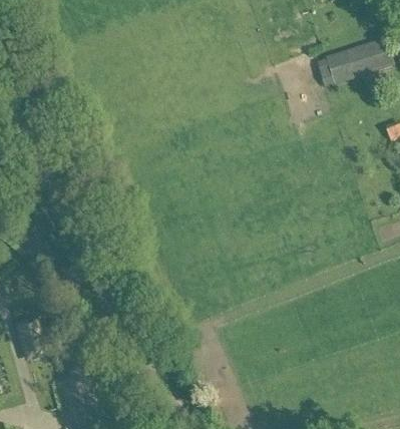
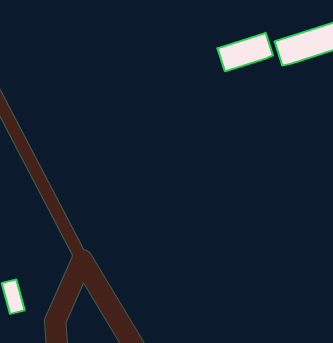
building: none -> [217,33,273,71]

